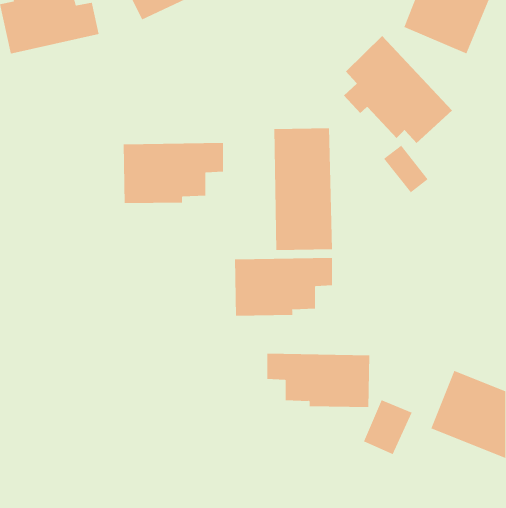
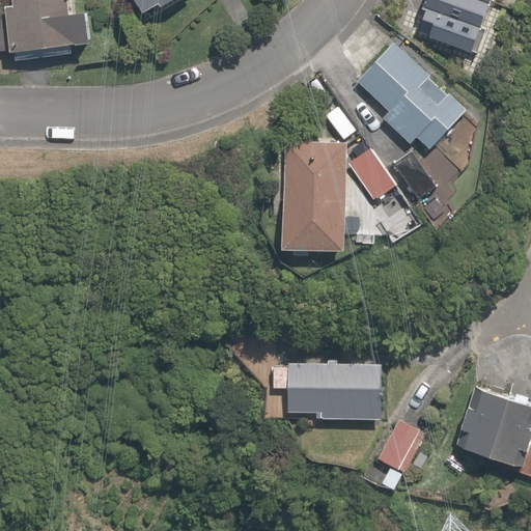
building: none -> [343,141,396,199]
building: [123,142,223,204] -> none
building: [235,257,333,316] -> none

